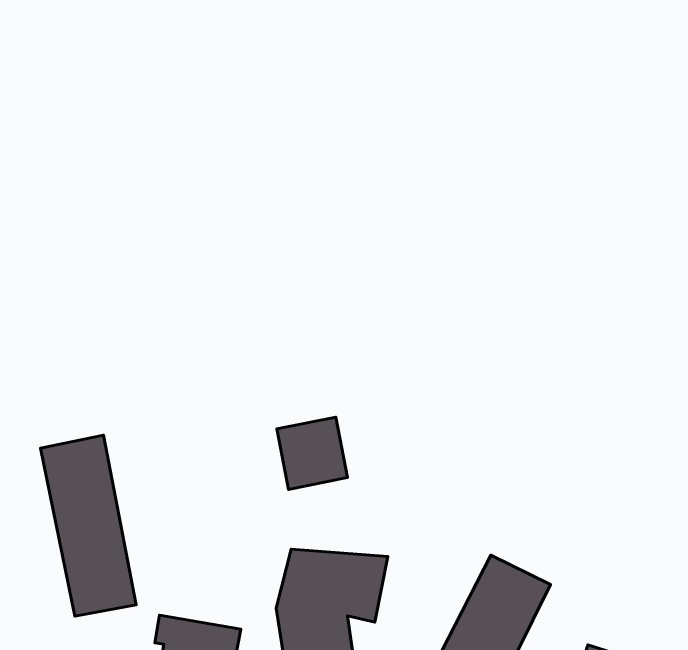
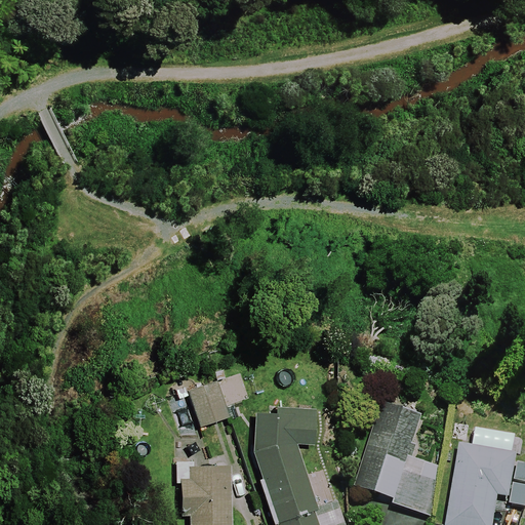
building: [277,417,347,489] -> [189,379,240,432]
building: [40,435,136,616] -> none

